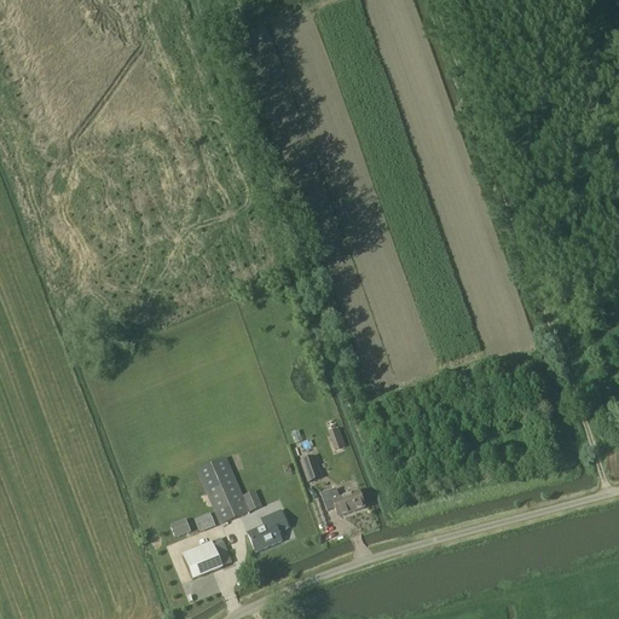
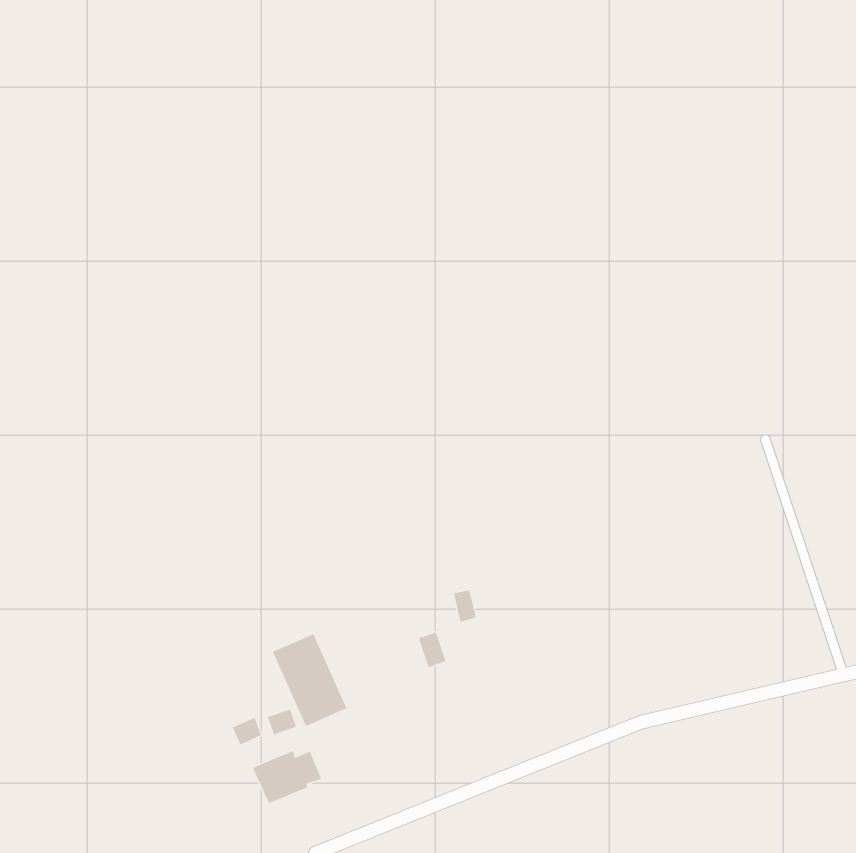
building: [323,487,366,515] -> none
building: [249,509,289,550] -> none

